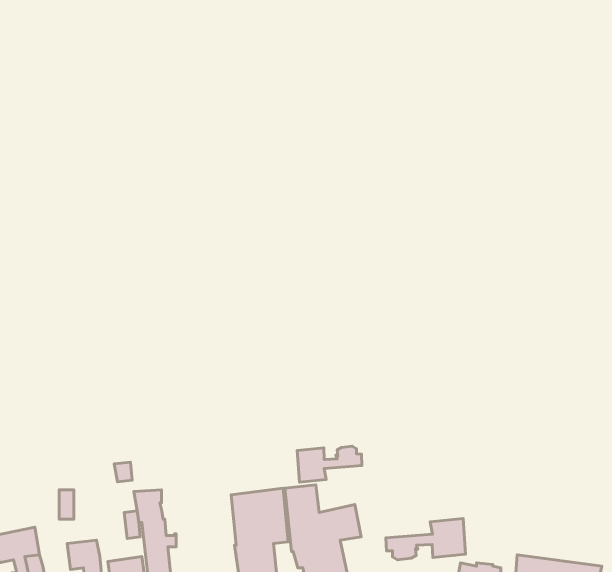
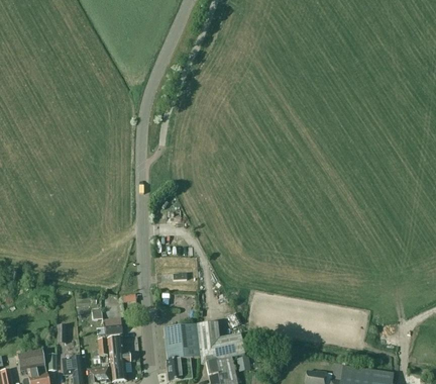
building: [297,446,362,482] -> none
building: [386,518,466,560] -> none

